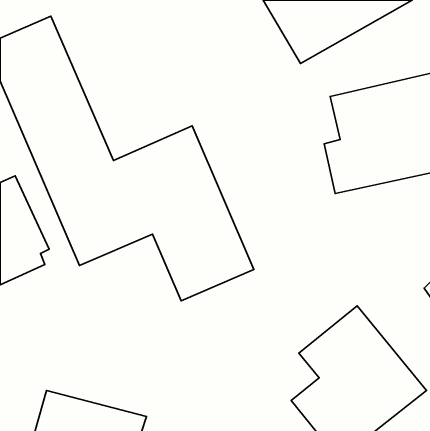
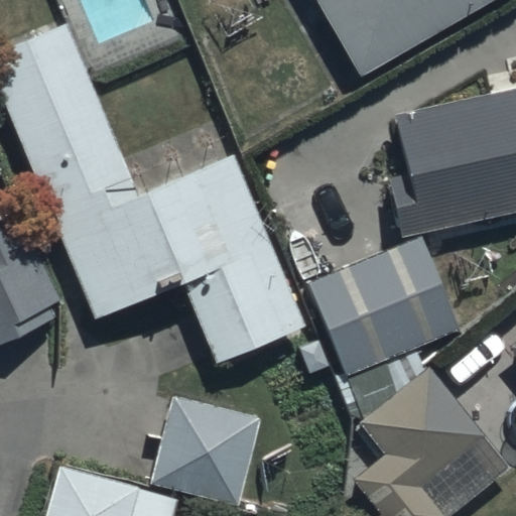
building: none -> [307,238,458,376]
building: none -> [150,395,262,506]

